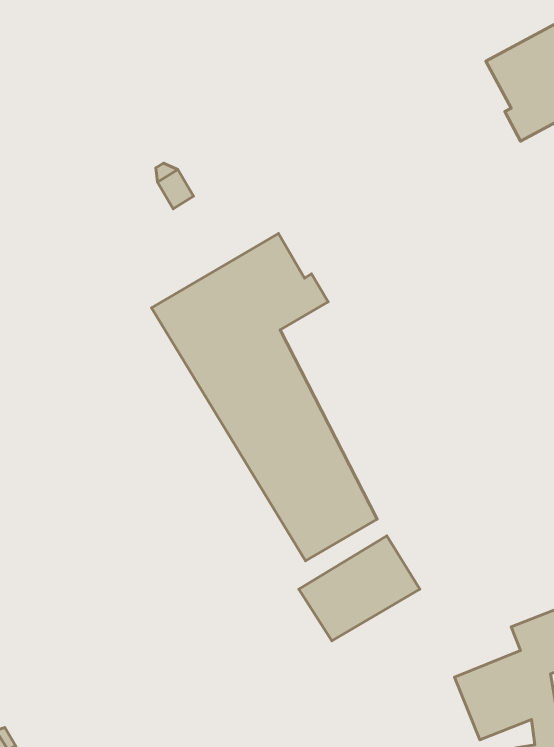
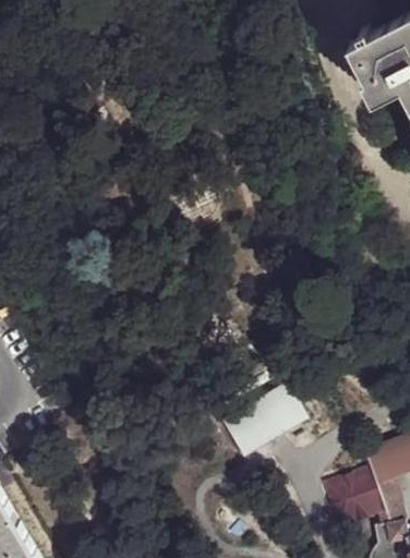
building: [152,234,377,561] -> none

